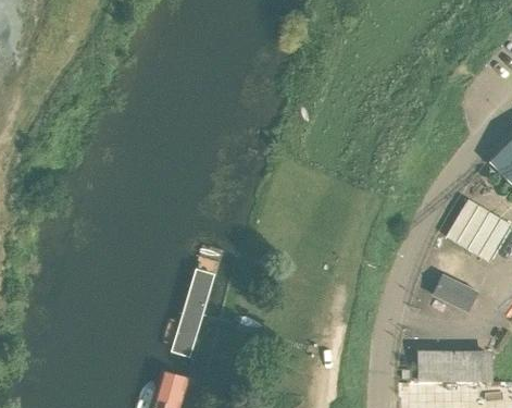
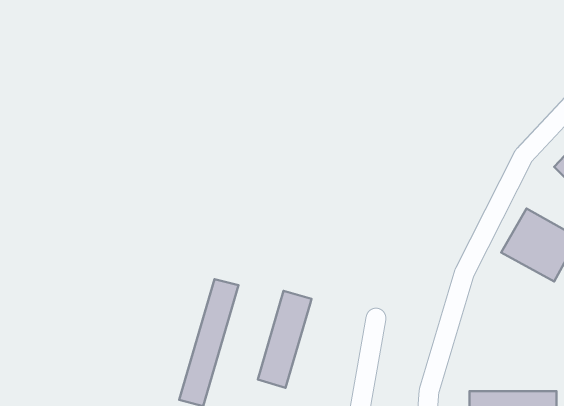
building: none -> [258,291,312,388]
building: [433,275,475,311] -> none

